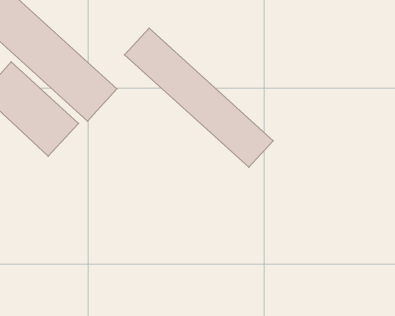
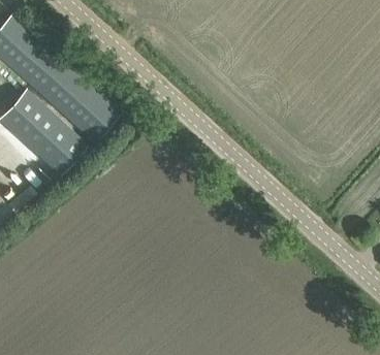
building: [125,28,273,167] -> none

